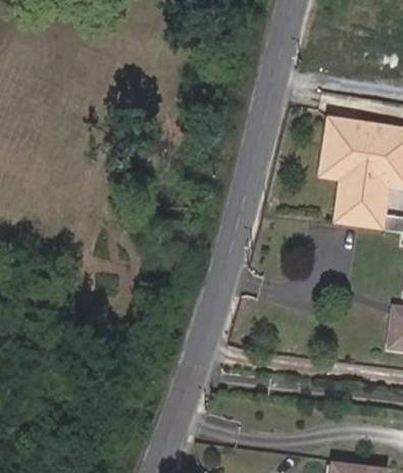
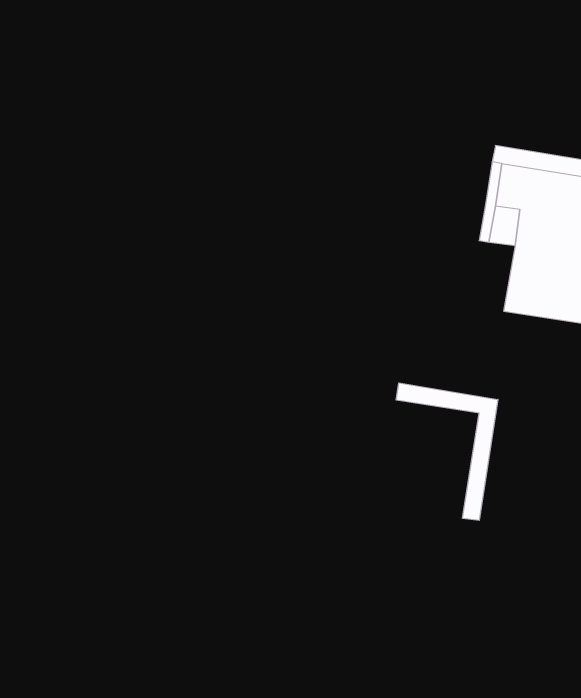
building: none -> [396,383,498,520]

